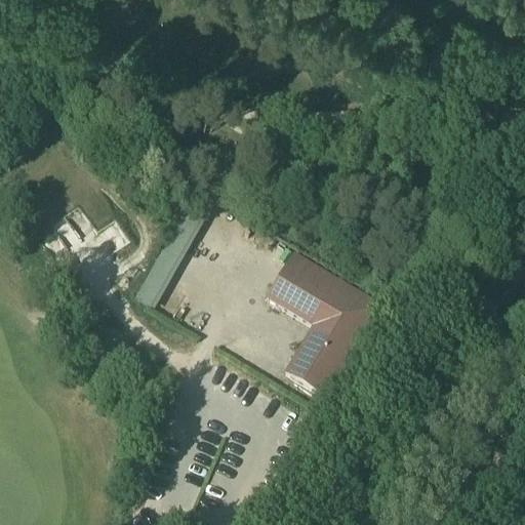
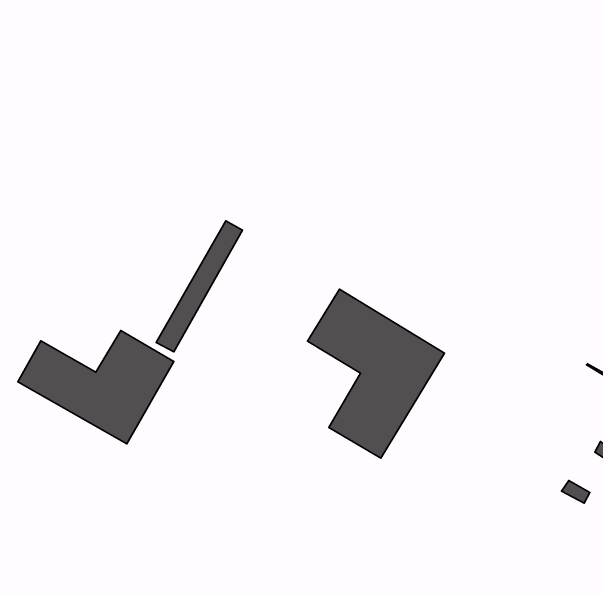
building: none -> [18,331,174,444]

